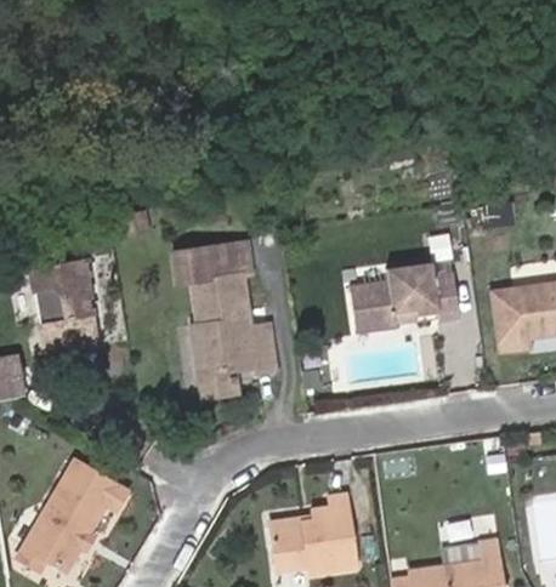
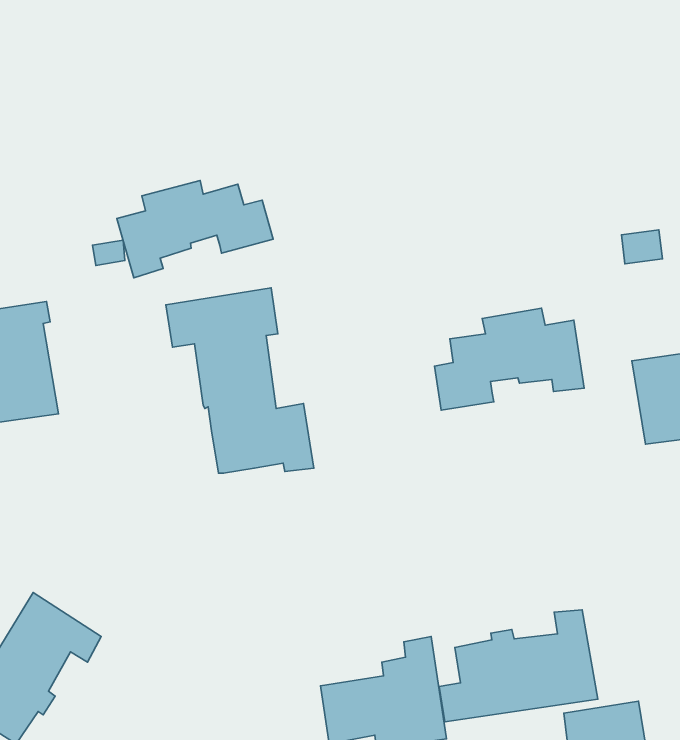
building: none -> [117,180,273,278]
building: [187,327,233,399] -> none
building: none -> [439,610,598,722]

